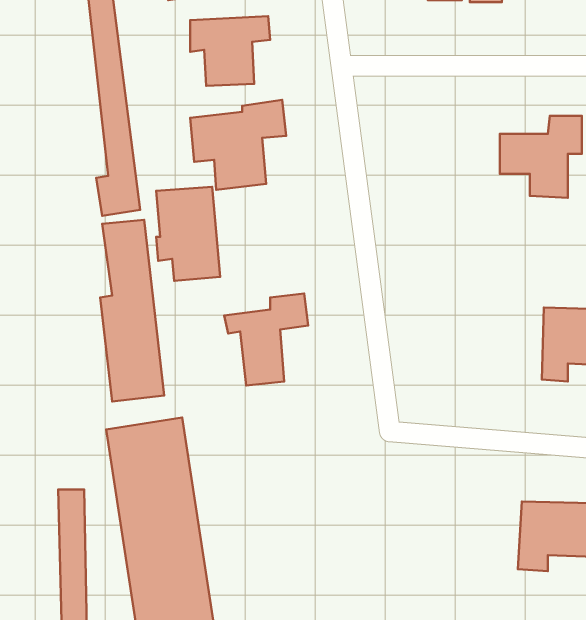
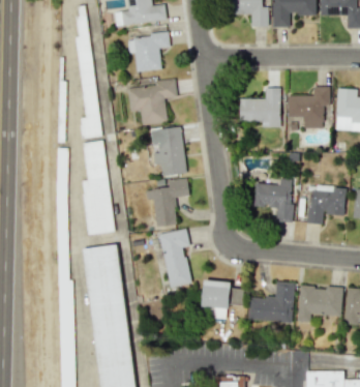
building: none -> [240,88,280,127]
building: [156,187,220,281] -> [152,127,185,176]
building: none -> [253,179,293,222]
building: none -> [159,229,190,287]
building: none -> [202,280,242,320]
building: none -> [248,281,294,323]

